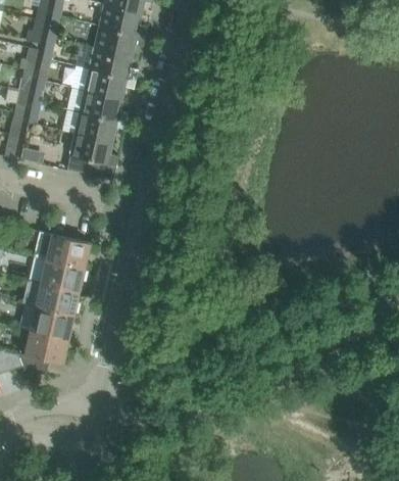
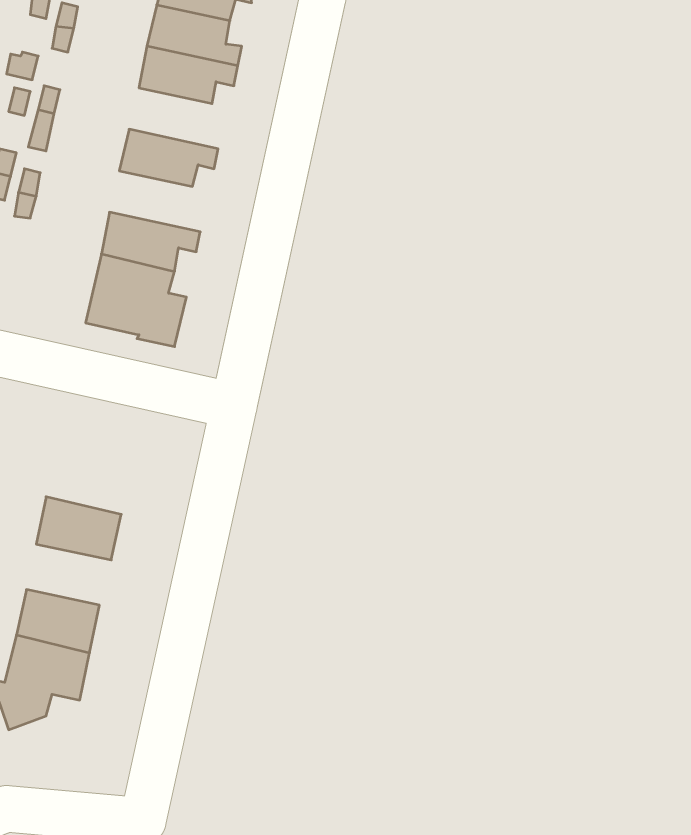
building: [89,47,138,79] -> none
building: [79,90,128,122] -> none
building: [33,231,90,268] -> none
building: [36,283,80,315] -> none

